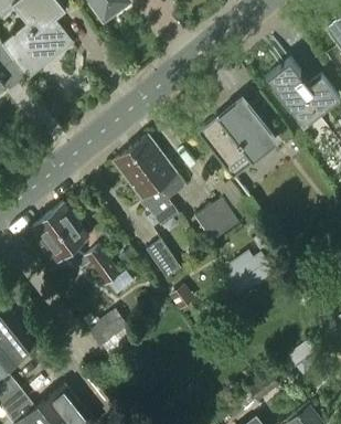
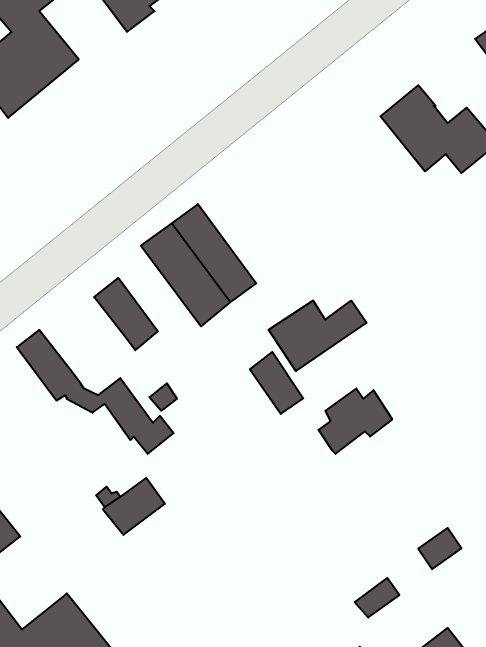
building: [198,98,278,178] -> none
building: [47,204,88,251] -> [94,278,158,350]
building: [147,240,181,279] -> [250,352,303,414]

